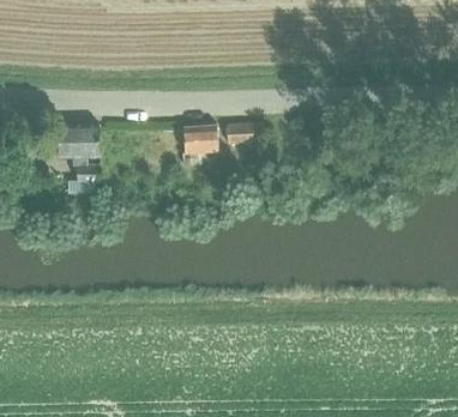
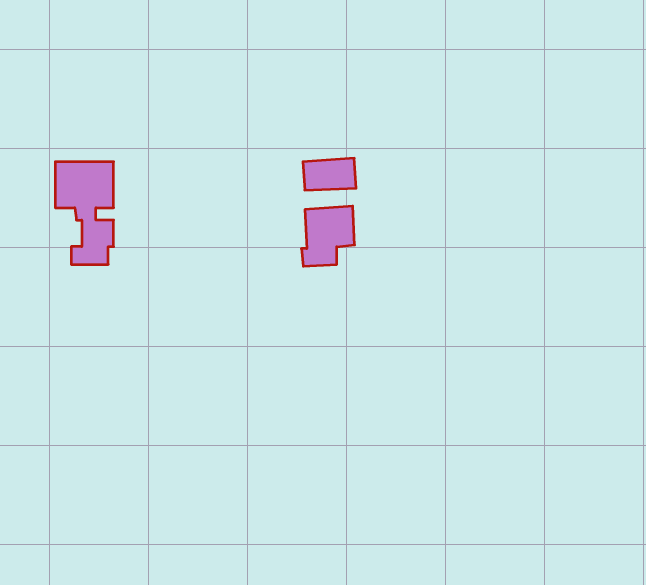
building: [180,123,216,164] -> [301,206,355,266]

